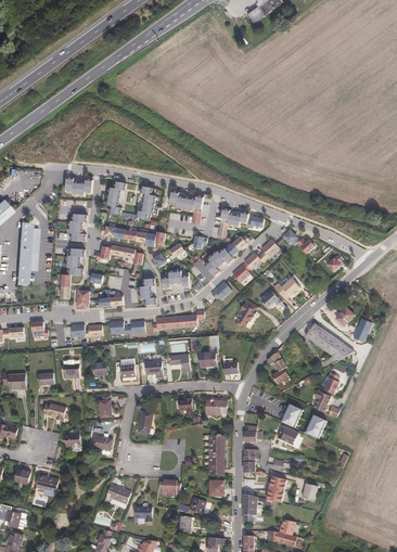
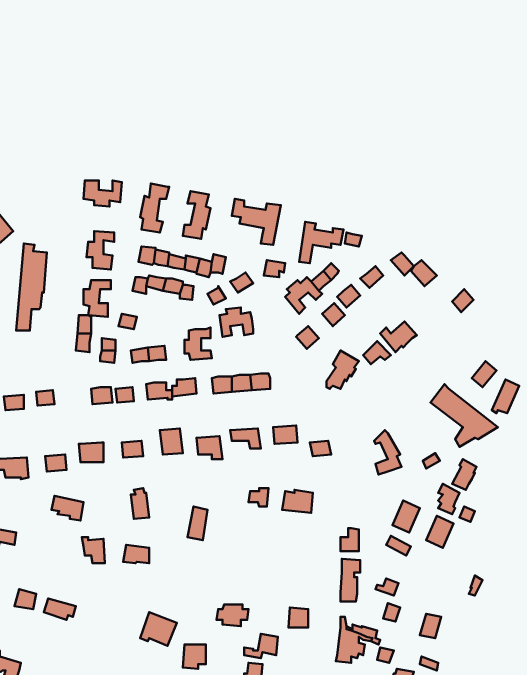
building: [209,435,227,476] -> none

